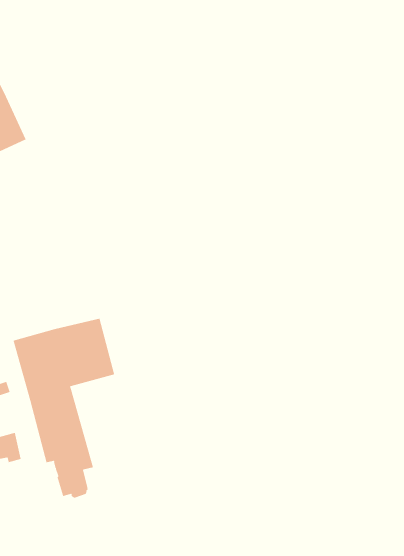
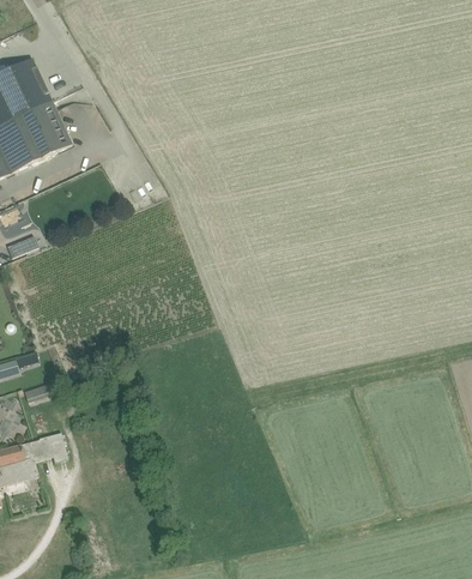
building: [13,318,115,498] -> none

